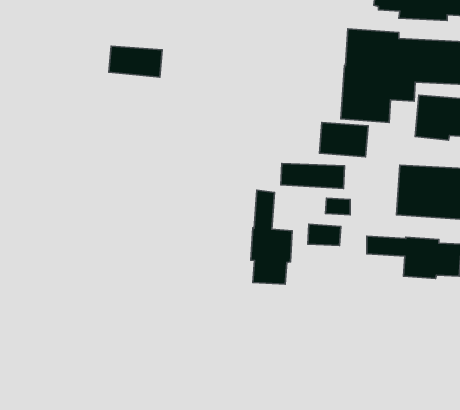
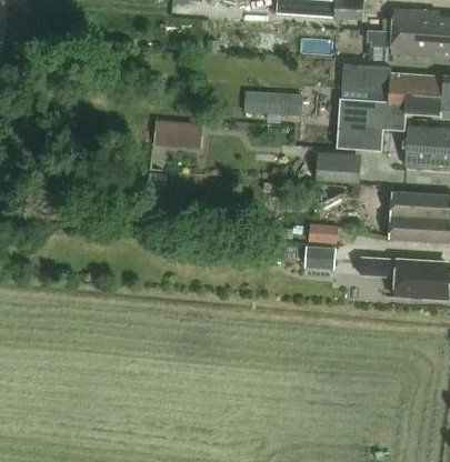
building: [109,46,162,77] -> [153,118,203,147]
building: [281,164,345,188] -> [244,91,304,114]
building: [251,190,292,284] -> none

